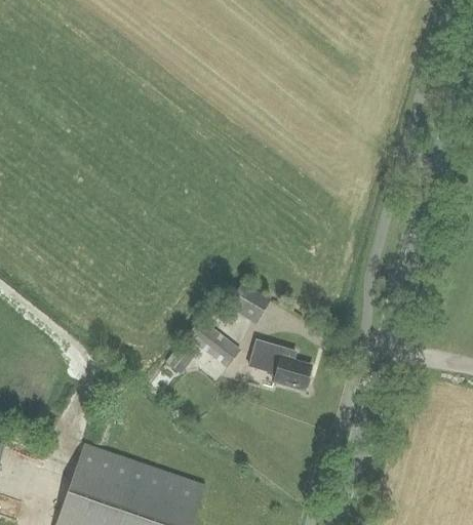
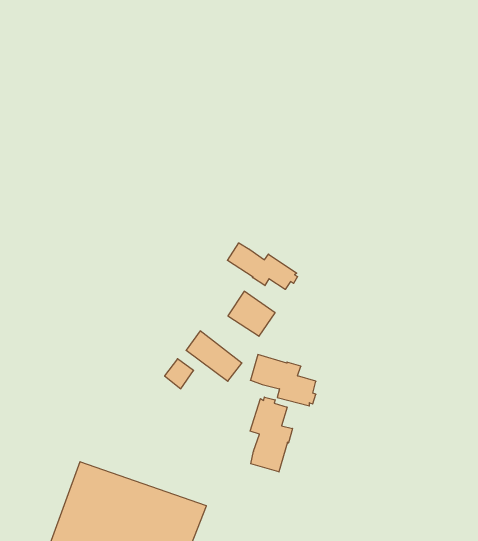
building: none -> [227,243,298,289]
building: none -> [250,397,292,472]

